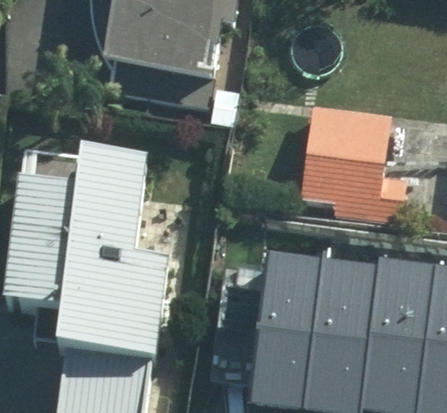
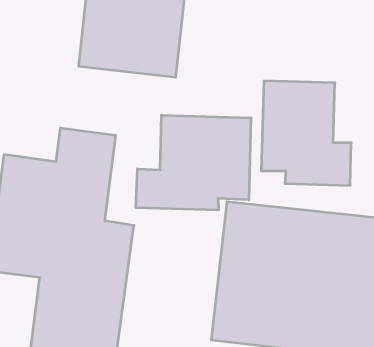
building: none -> [136,115,251,210]

